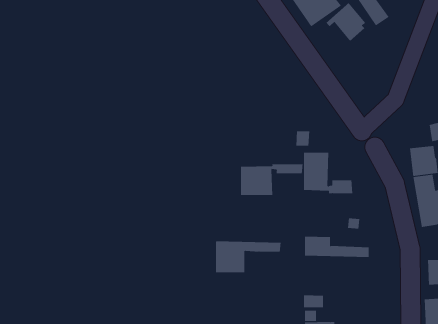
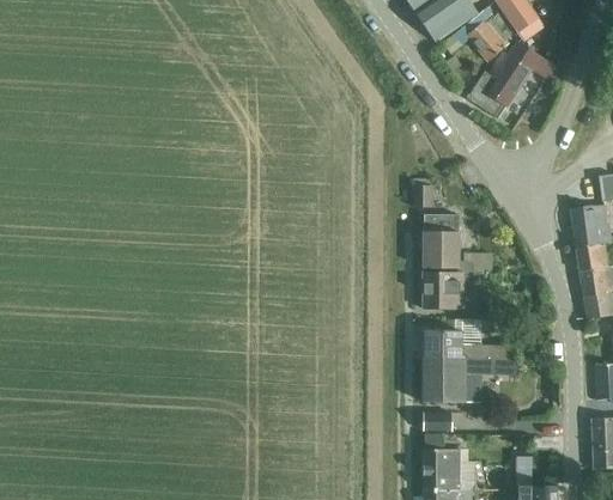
building: none -> [467,42,539,117]
building: [241,163,303,196] -> none
building: none -> [424,272,465,309]
building: [215,241,281,273] -> [424,358,516,402]

